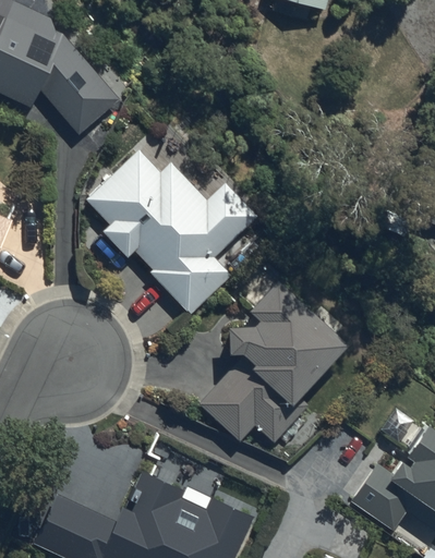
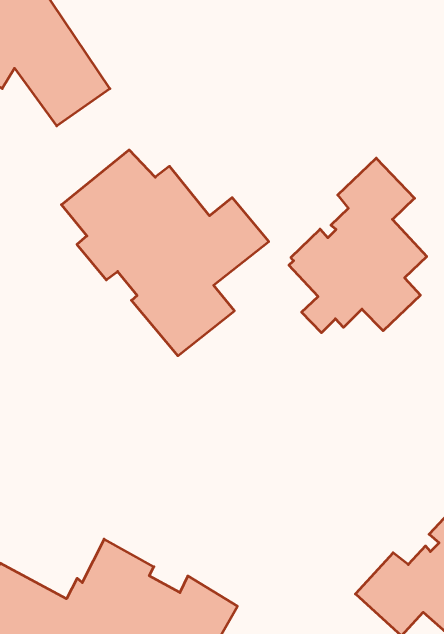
building: none -> [289,158,427,333]
building: [196,271,348,442] -> none

